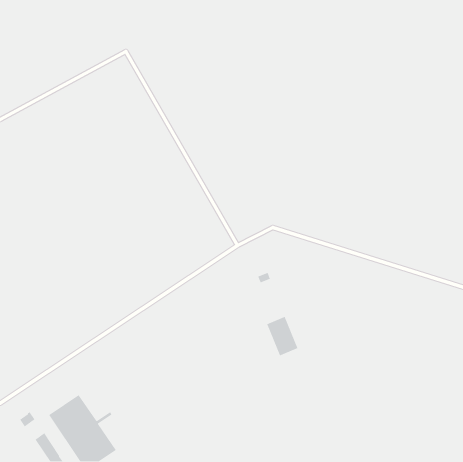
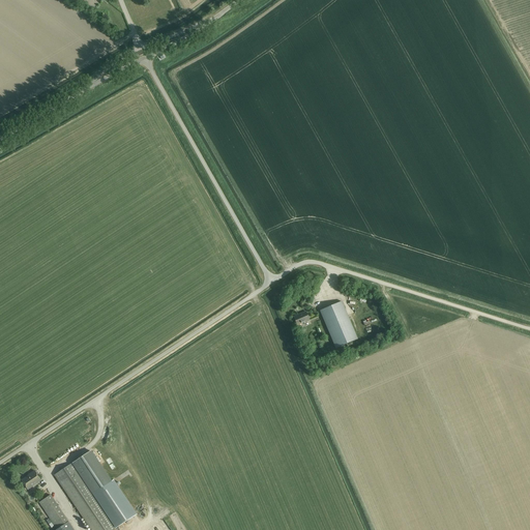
building: [266,316,299,356] -> [320,300,357,347]

